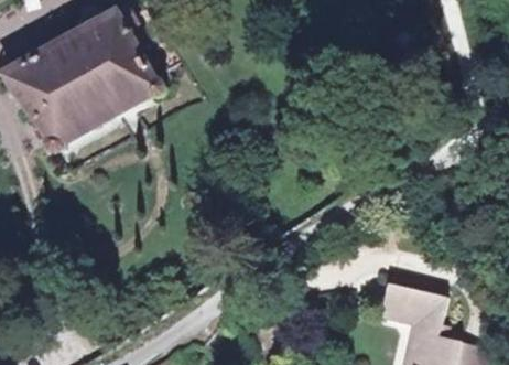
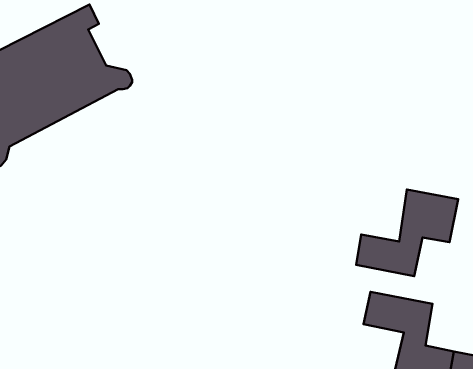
building: none -> [356,189,458,276]

